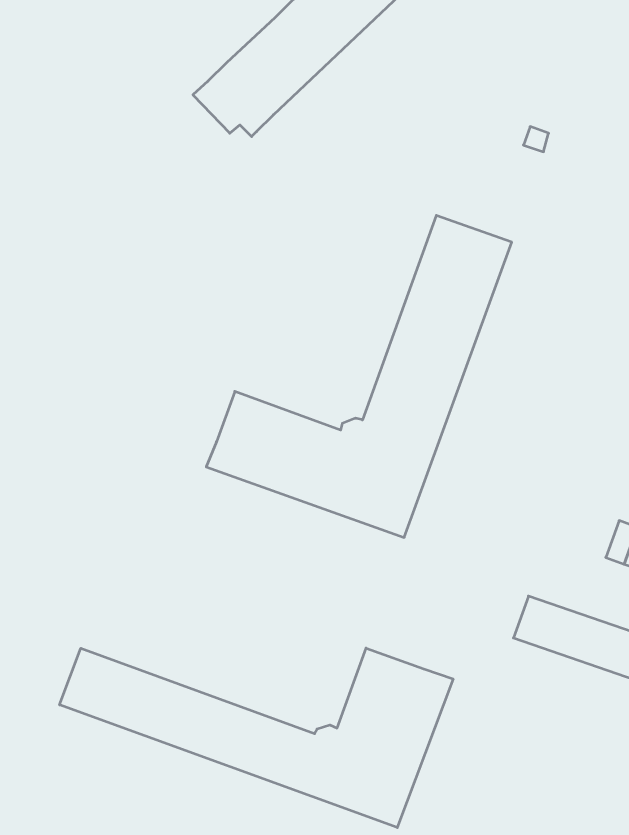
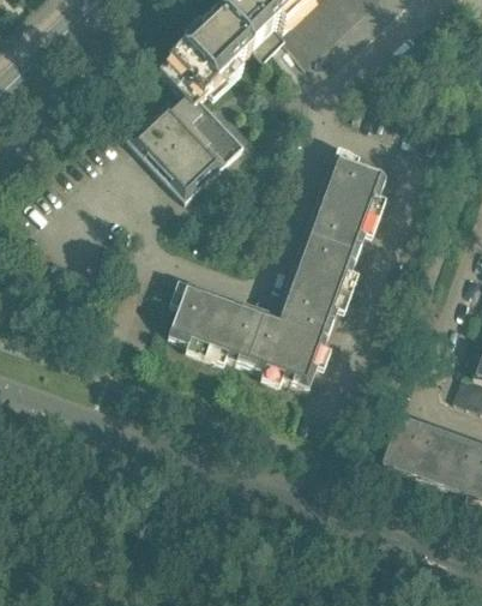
building: none -> [128,90,245,198]
building: [60,648,453,828] -> none

